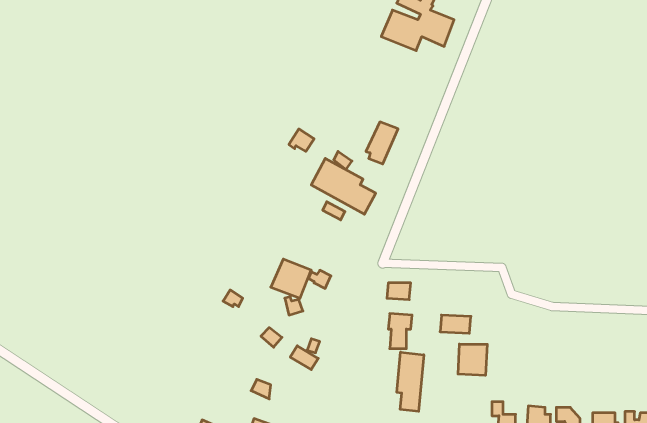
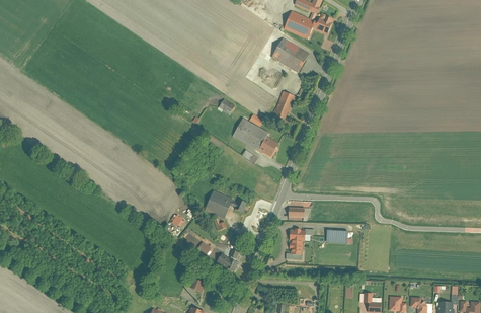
building: none -> [270,37,310,73]
building: [458,344,487,375] -> none
building: [397,352,424,411] -> none

